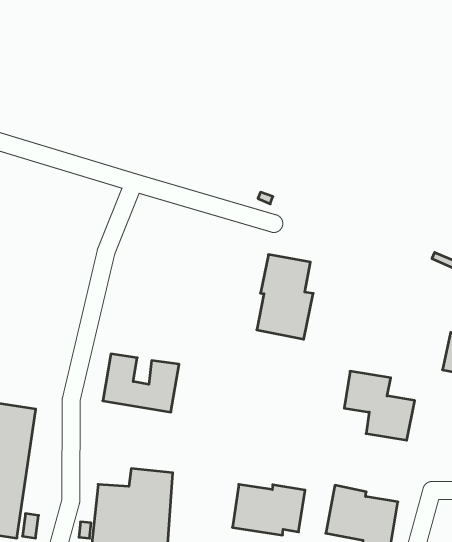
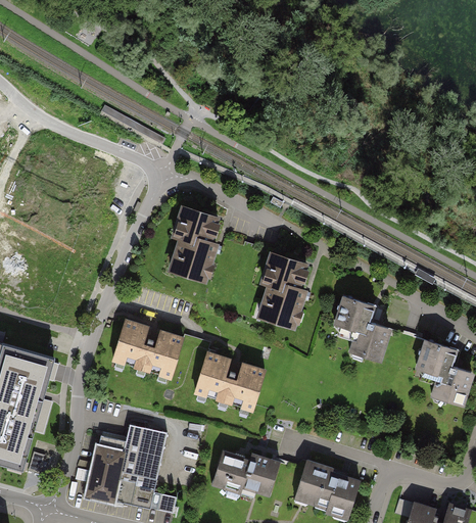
building: none -> [170,206,223,285]
building: [344,371,415,440] -> [331,296,393,363]
building: none -> [195,352,266,411]

